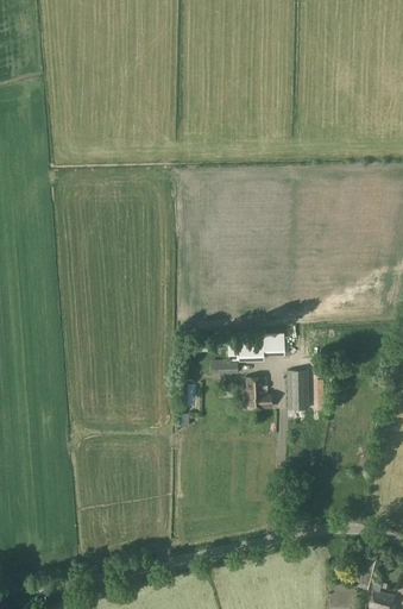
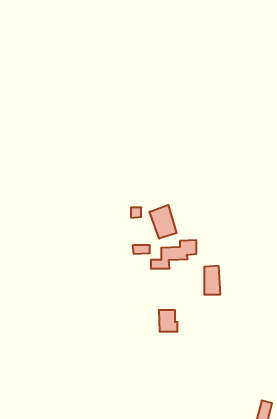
building: none -> [149,205,176,239]
building: [246,378,272,408] -> [159,310,178,332]

